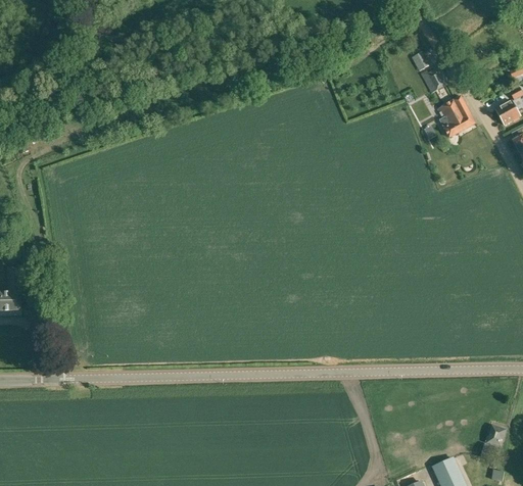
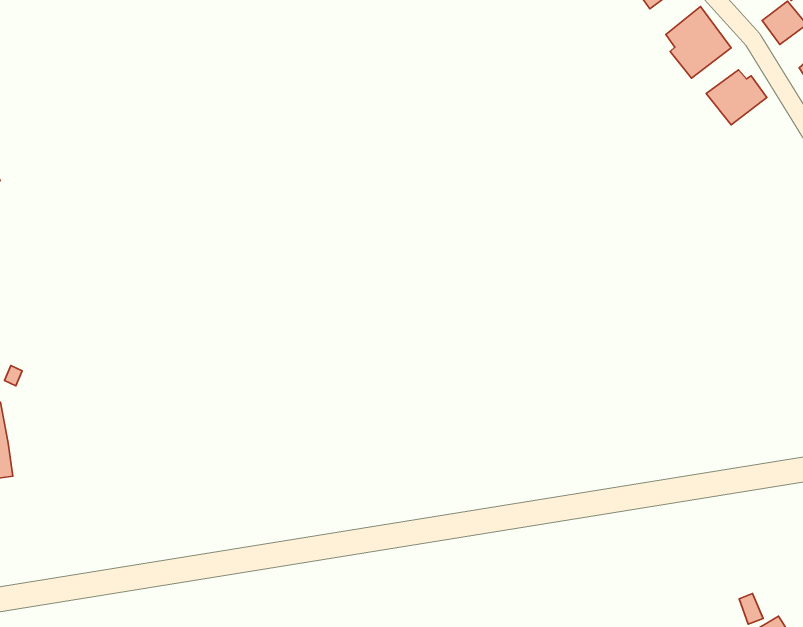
building: none -> [706,70,767,125]

